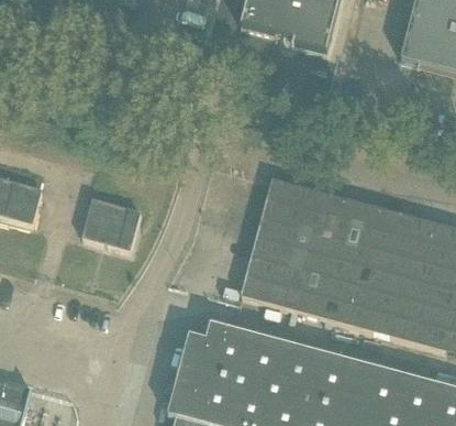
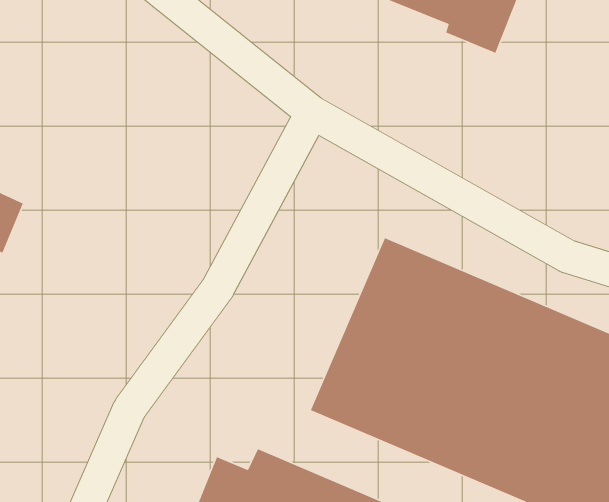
building: [82,198,140,250] -> none

